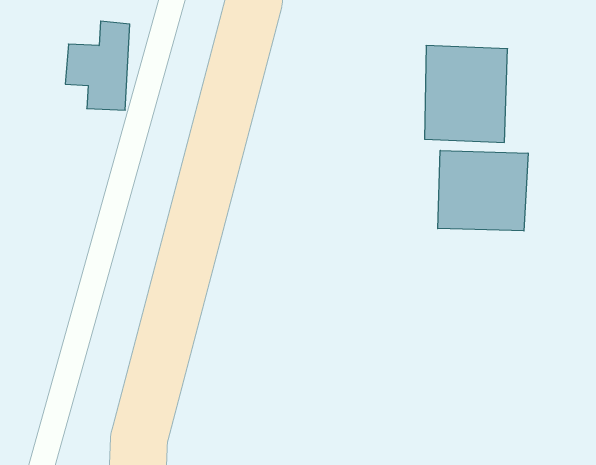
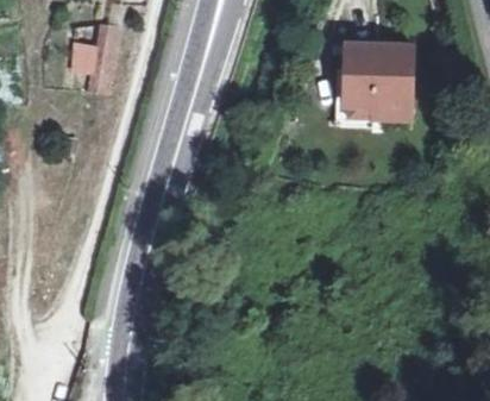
building: [438,150,528,231] -> none

